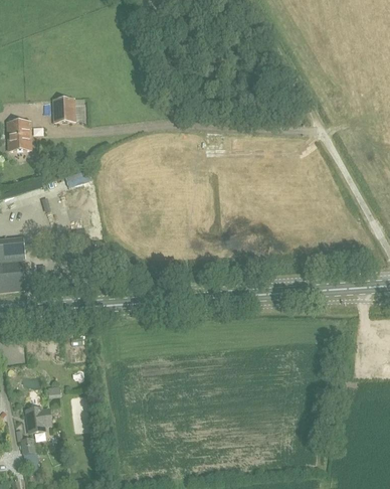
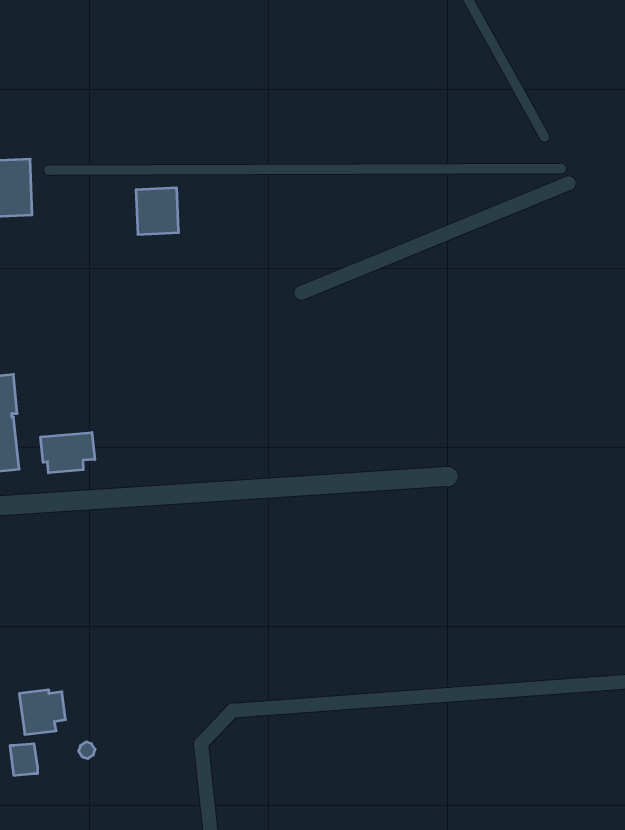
building: [51,97,74,122] -> [136,188,179,234]
building: none -> [41,432,95,473]

